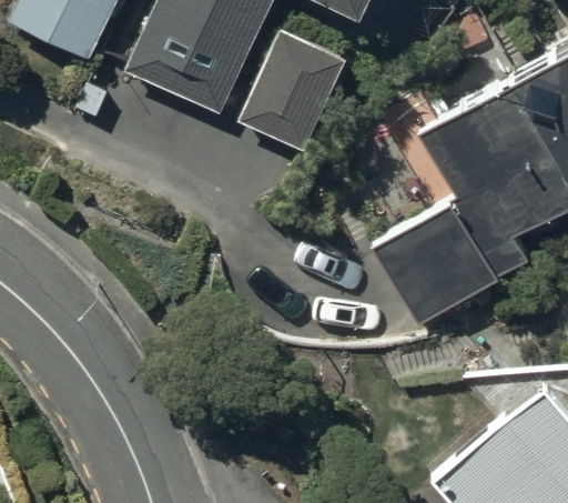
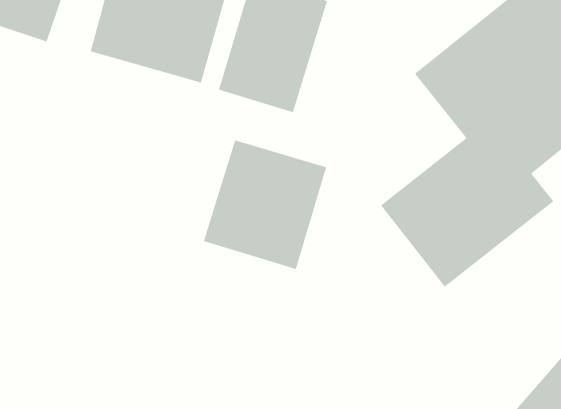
building: none -> [203,139,327,270]

